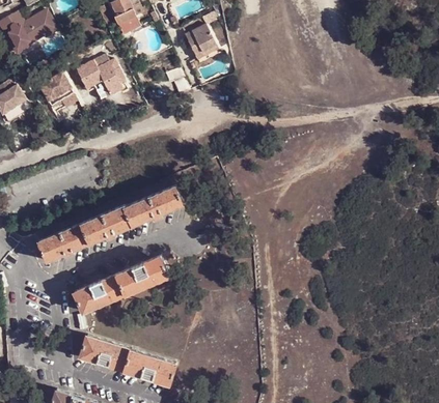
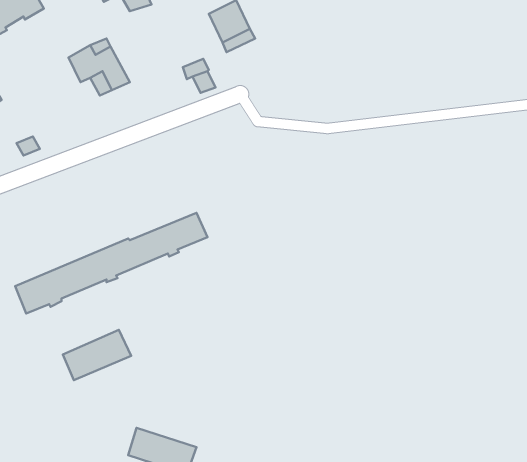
building: [40,73,78,113] -> none
building: [116,258,168,295] -> none
building: [79,337,130,371] -> none

